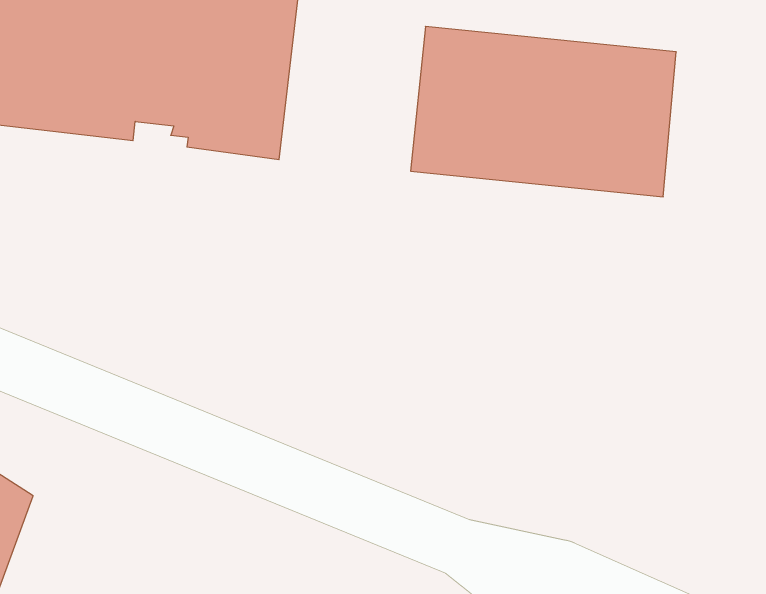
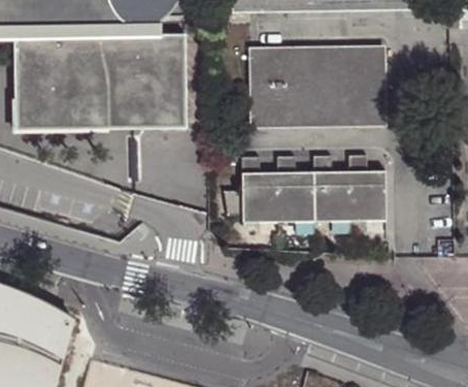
building: none -> [226,154,389,221]

